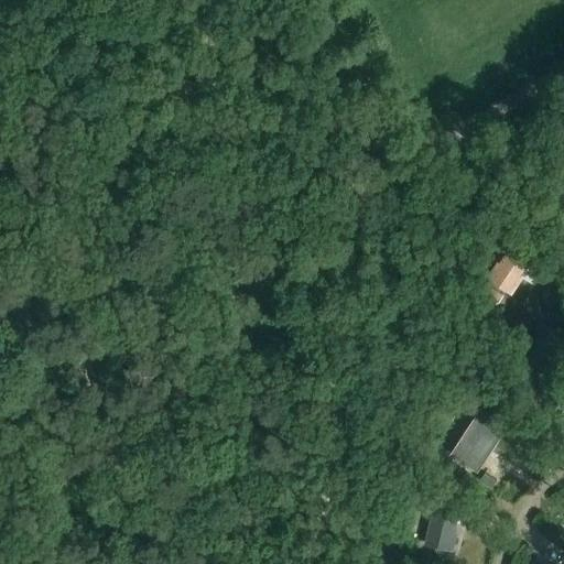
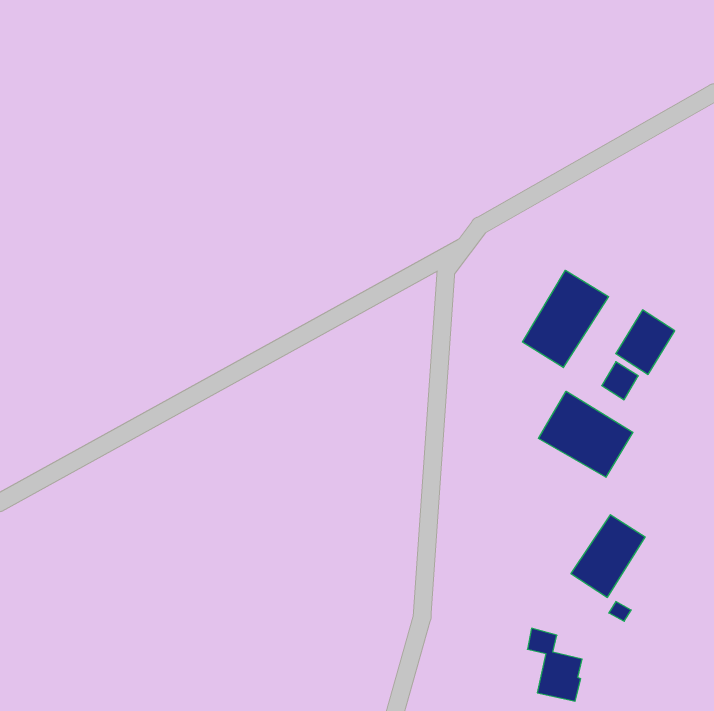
building: none -> [522,270,609,368]
building: none -> [538,391,633,477]

